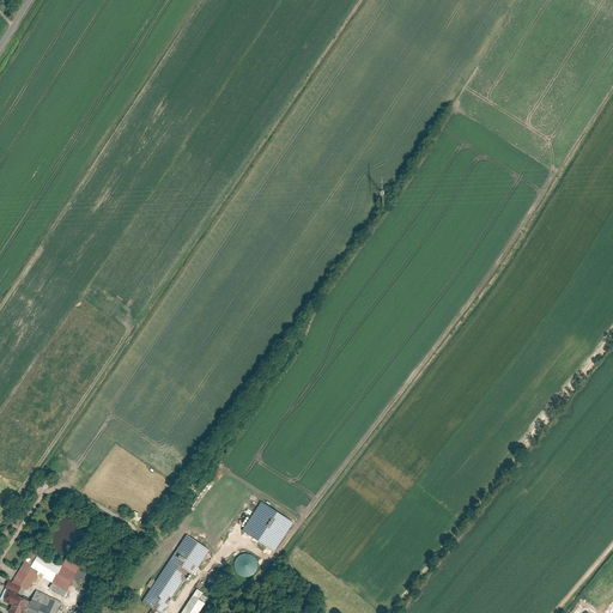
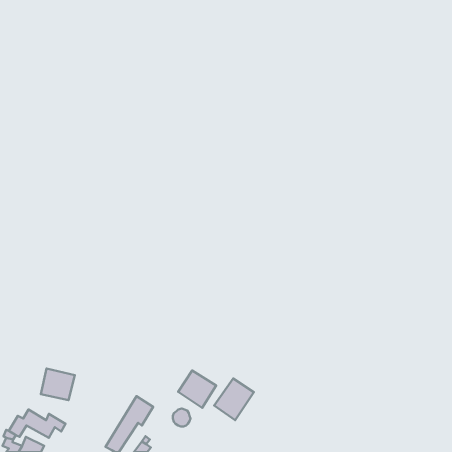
building: none -> [41,369,75,400]
building: none -> [214,378,254,420]

